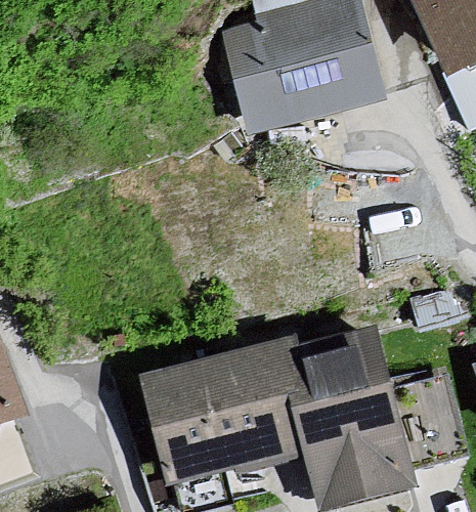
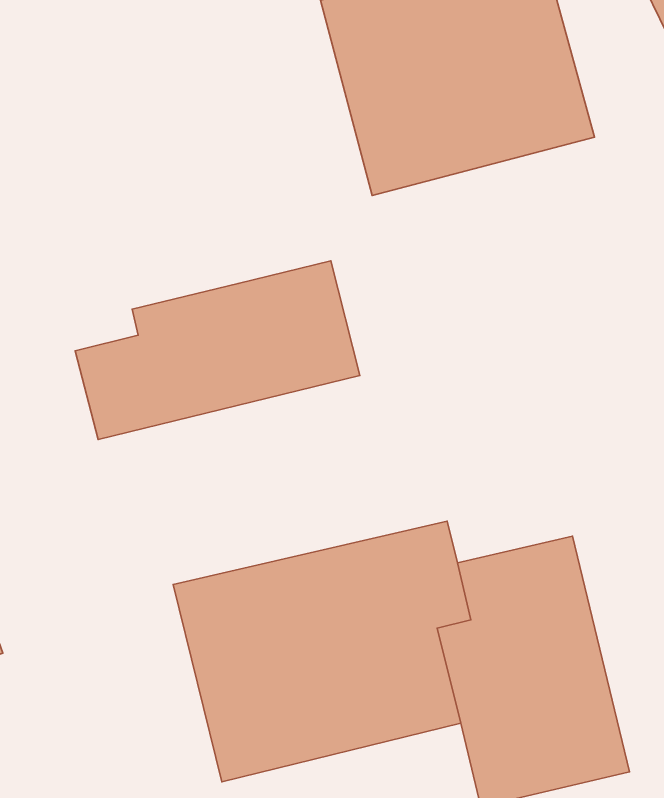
building: none -> [75,261,360,440]

